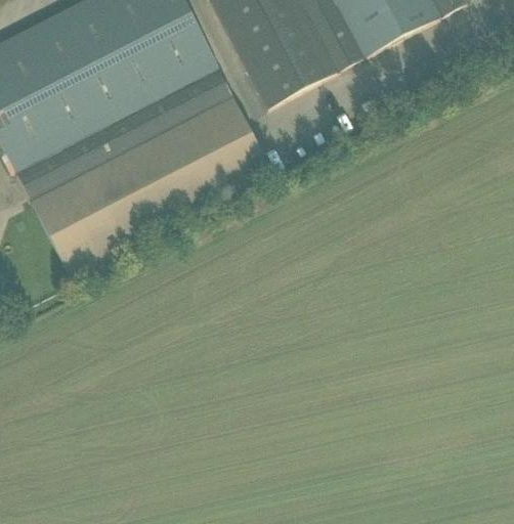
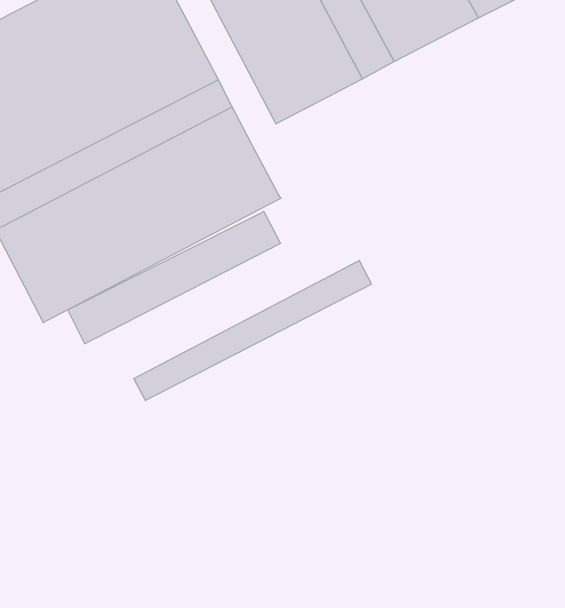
building: none -> [68,211,280,344]
building: none -> [134,260,371,401]

